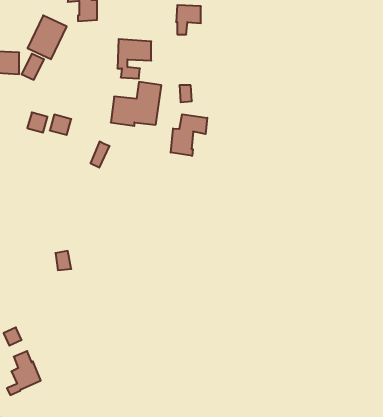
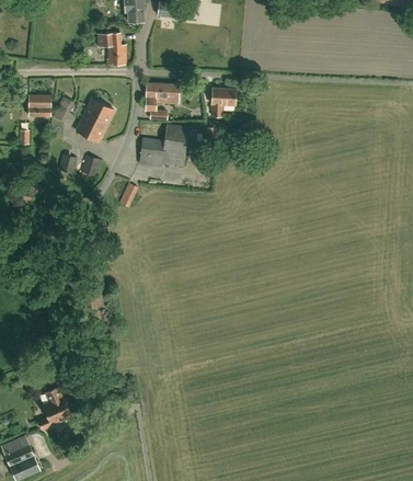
building: [176,5,201,34] -> [211,88,236,116]
building: [27,15,67,59] -> [76,99,114,141]
building: [171,114,207,156] -> none

